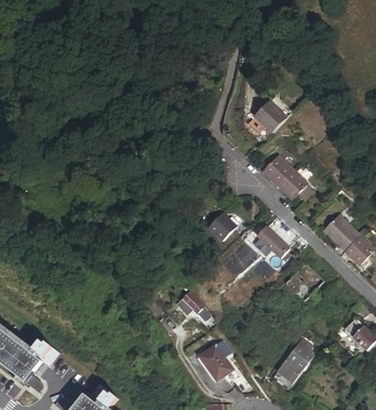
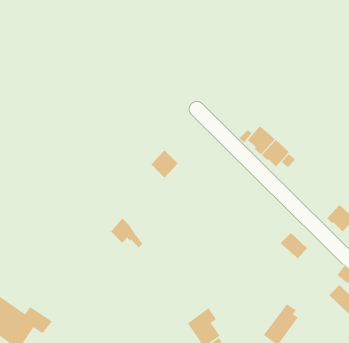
building: [251,99,283,131] -> none
building: [319,210,357,248] -> none
building: [208,211,237,241] -> [150,149,178,178]
building: [254,225,289,257] -> none
building: [174,289,208,321] -> [110,217,143,248]

